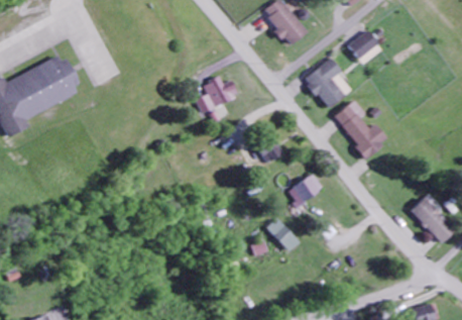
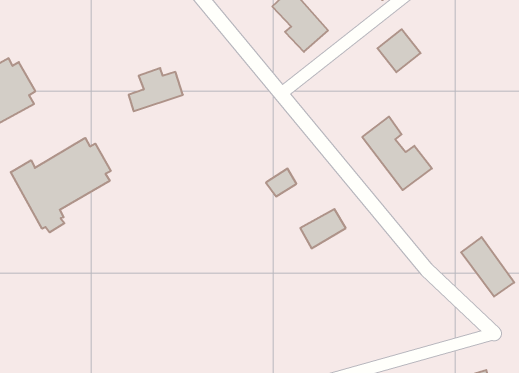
building: [306,59,353,109] -> none
building: [196,78,239,112] -> [129,68,183,111]
building: none -> [11,138,111,232]
building: [267,218,299,251] -> none

